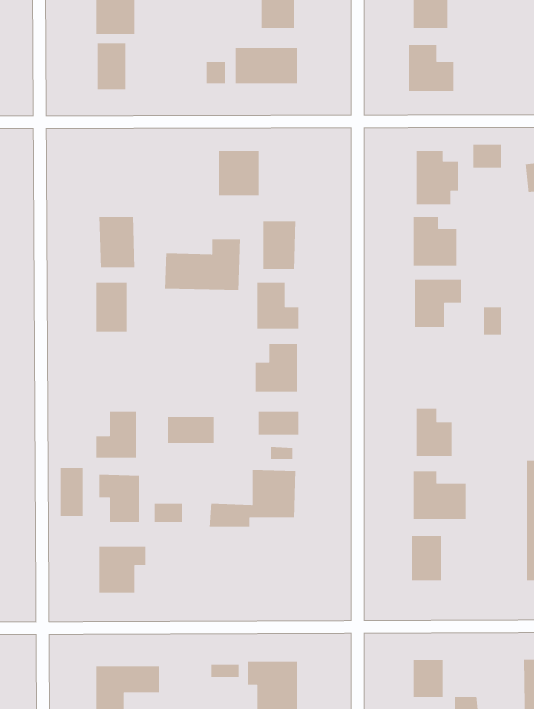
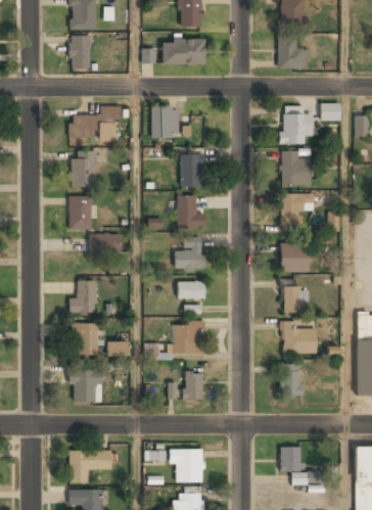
building: [164,239,241,291] -> [69,105,121,140]
building: none -> [281,243,309,272]
building: [167,416,215,444] -> [90,233,122,251]
building: [60,467,83,517] -> none
building: none -> [184,372,203,400]

